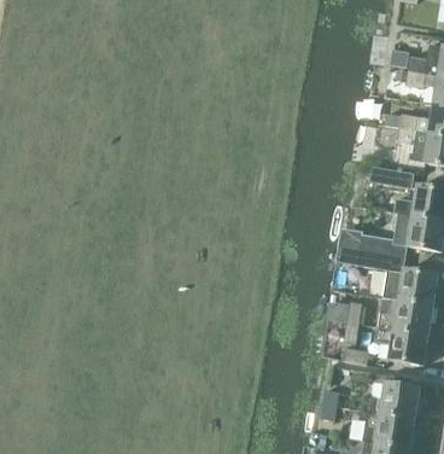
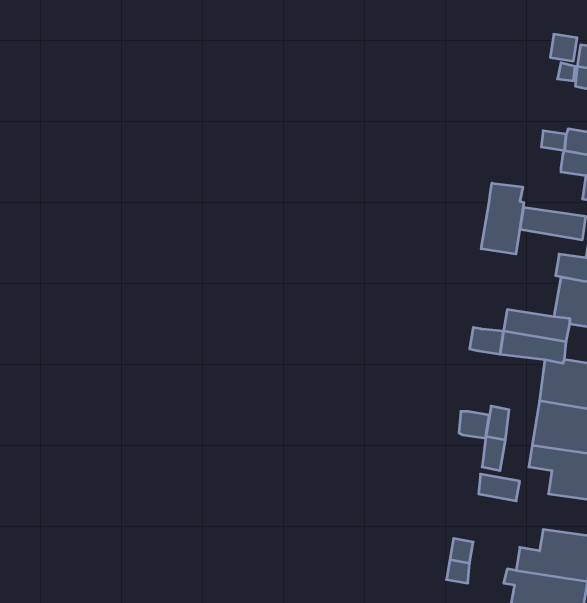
building: none -> [481,183,524,254]

